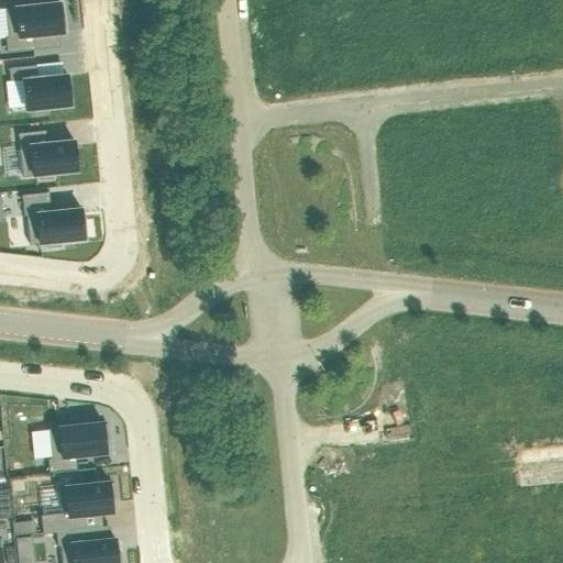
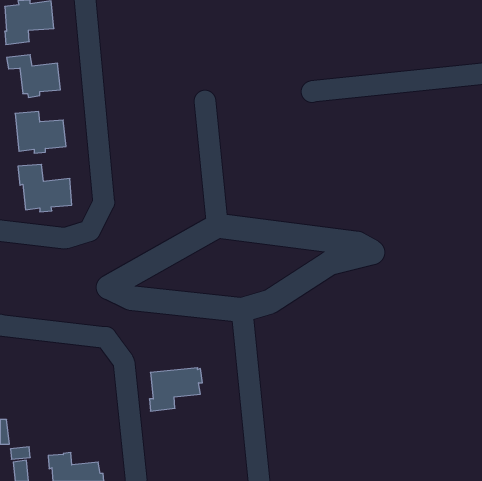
building: [48,421,110,472] -> [149,368,202,411]
building: [42,481,115,532] -> none

